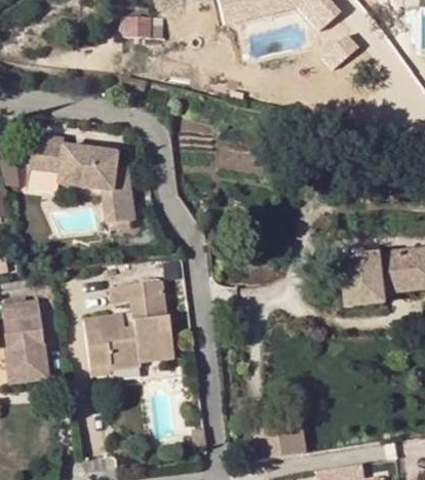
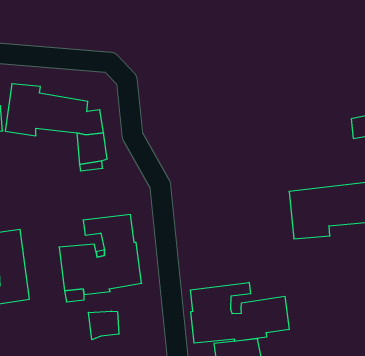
building: none -> [191,282,289,343]
building: none -> [88,311,119,340]

